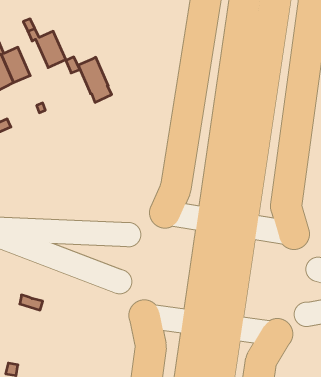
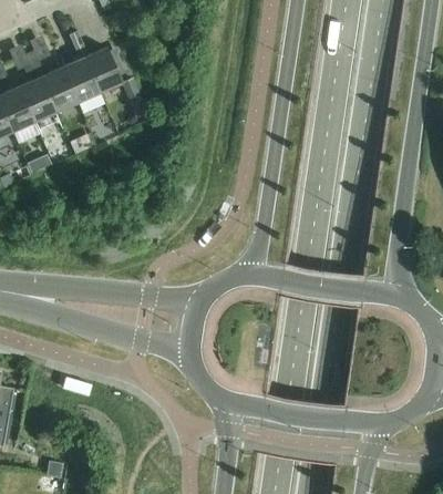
building: [78,57,112,102] -> [61,59,103,115]

